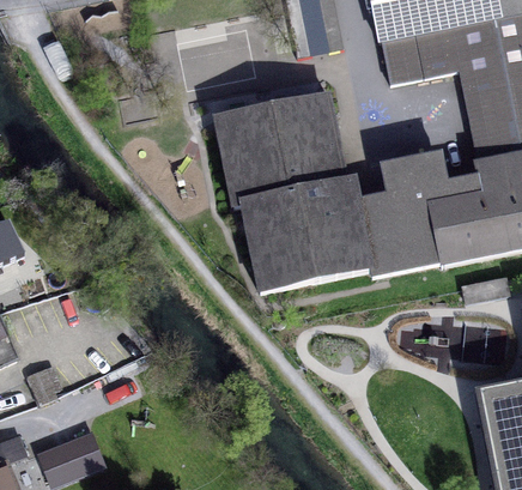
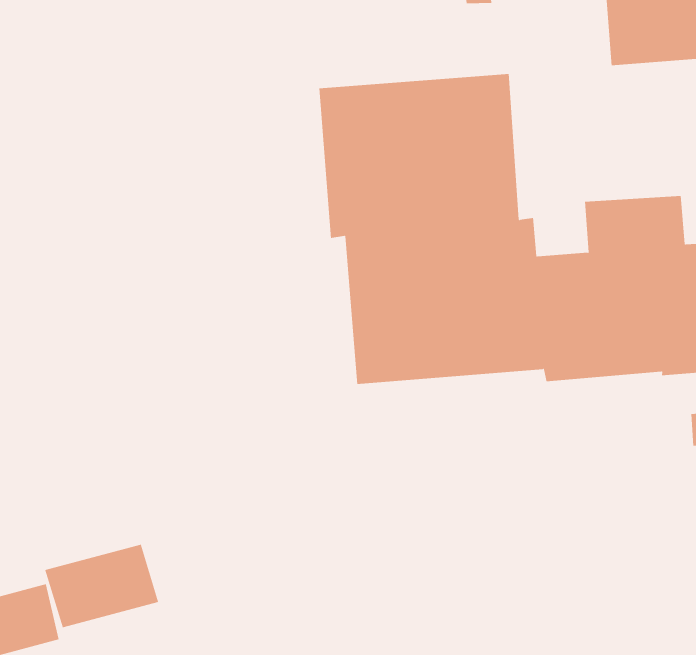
building: none -> [45,544,159,628]

